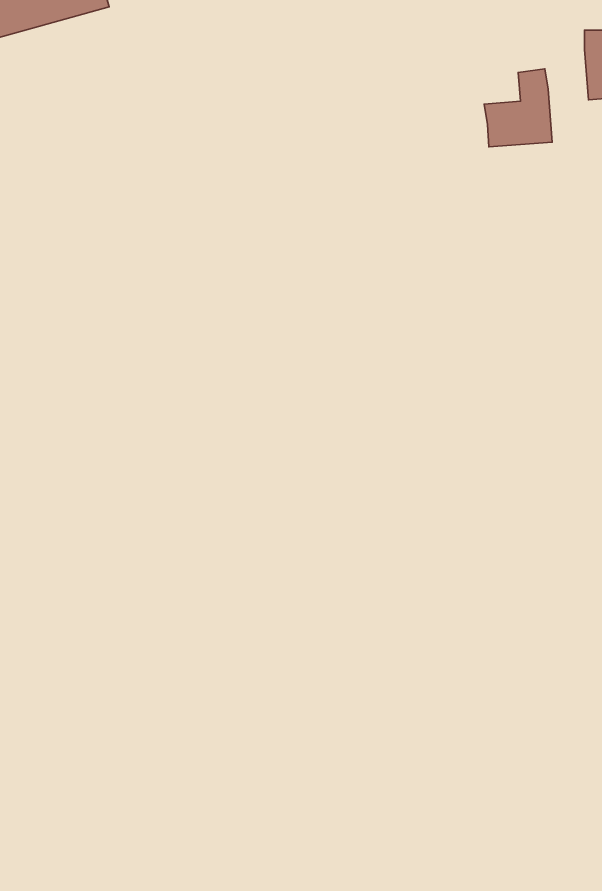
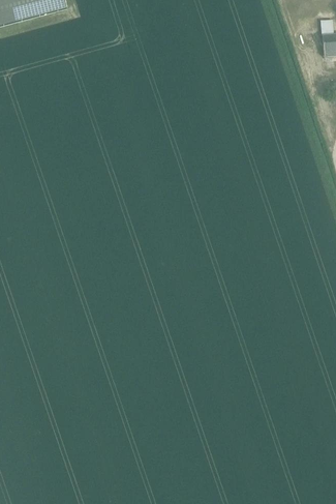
building: [484,69,552,147] -> none

